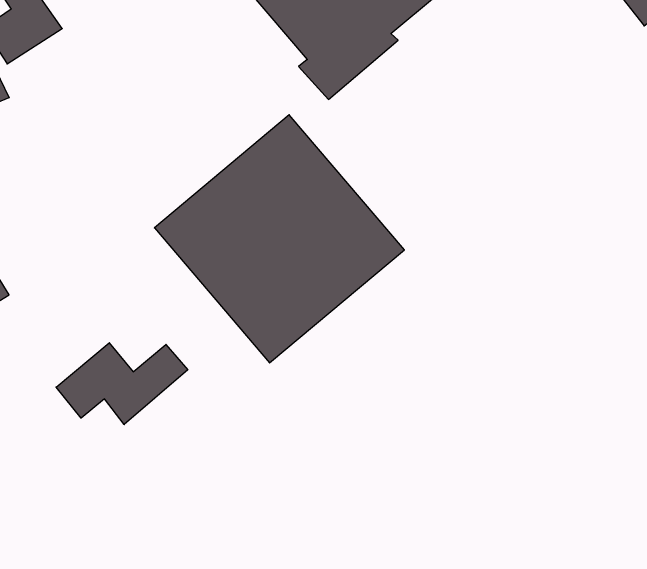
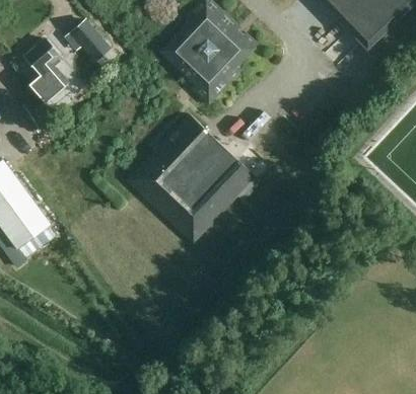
building: [56,343,188,425] -> none

